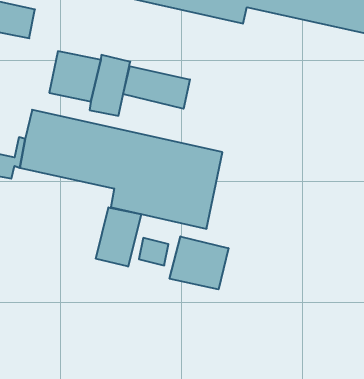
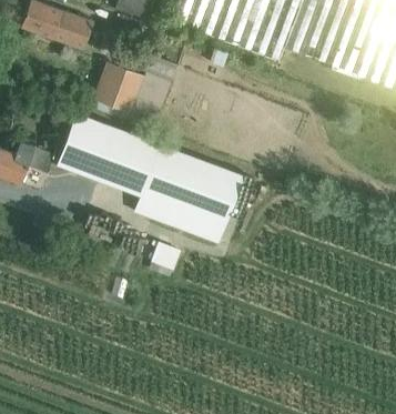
building: [123,66,190,109] -> none
building: [96,207,141,267] -> none
building: [170,236,228,289] -> none

